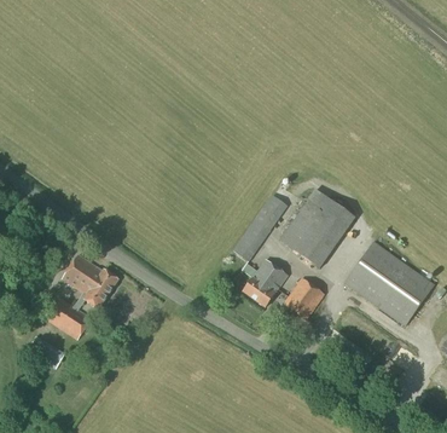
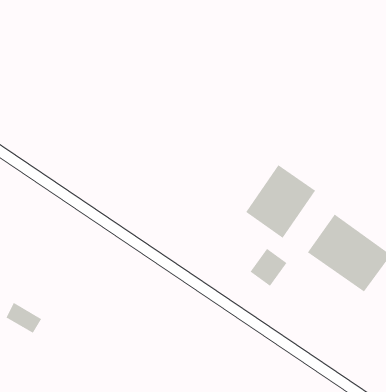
building: [232,194,288,260] -> none
building: [45,254,118,339] -> none
building: [242,259,288,306] -> none

